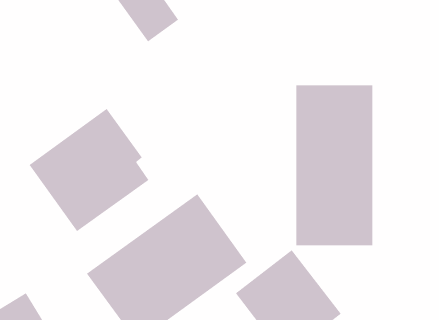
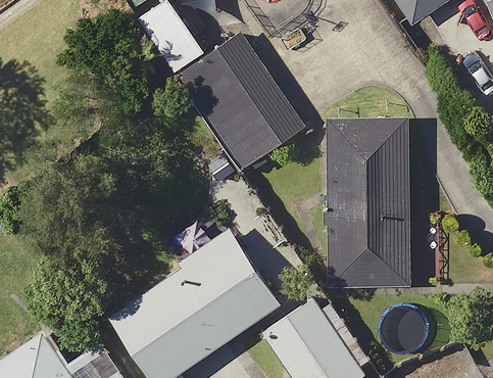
building: none -> [179,34,306,173]
building: [29,108,149,232] -> none

